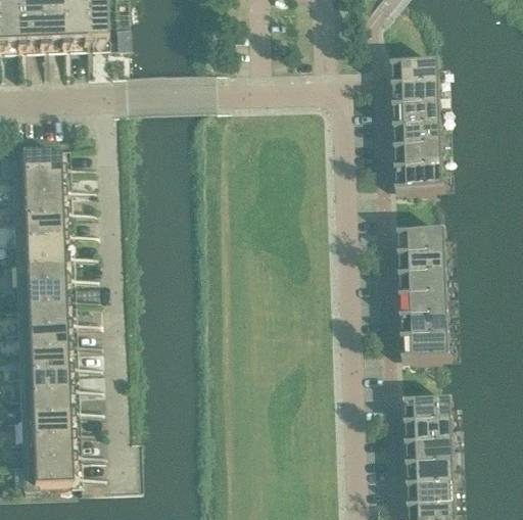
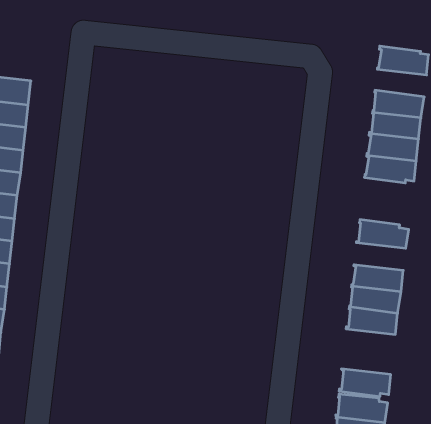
building: [389,80,438,102] -> none
building: [395,248,444,272] -> none
building: [398,332,447,356] -> [339,369,391,396]

